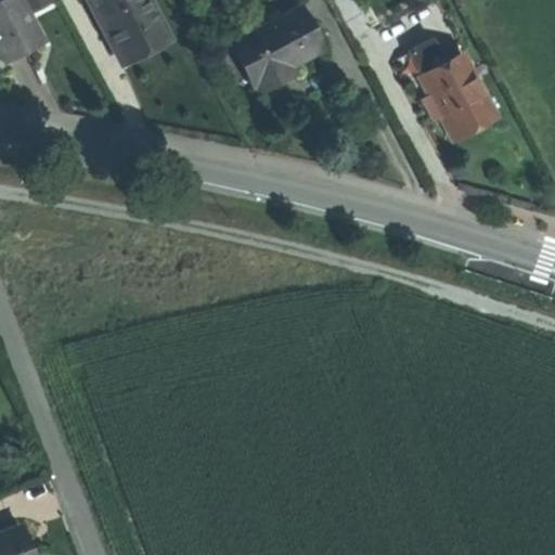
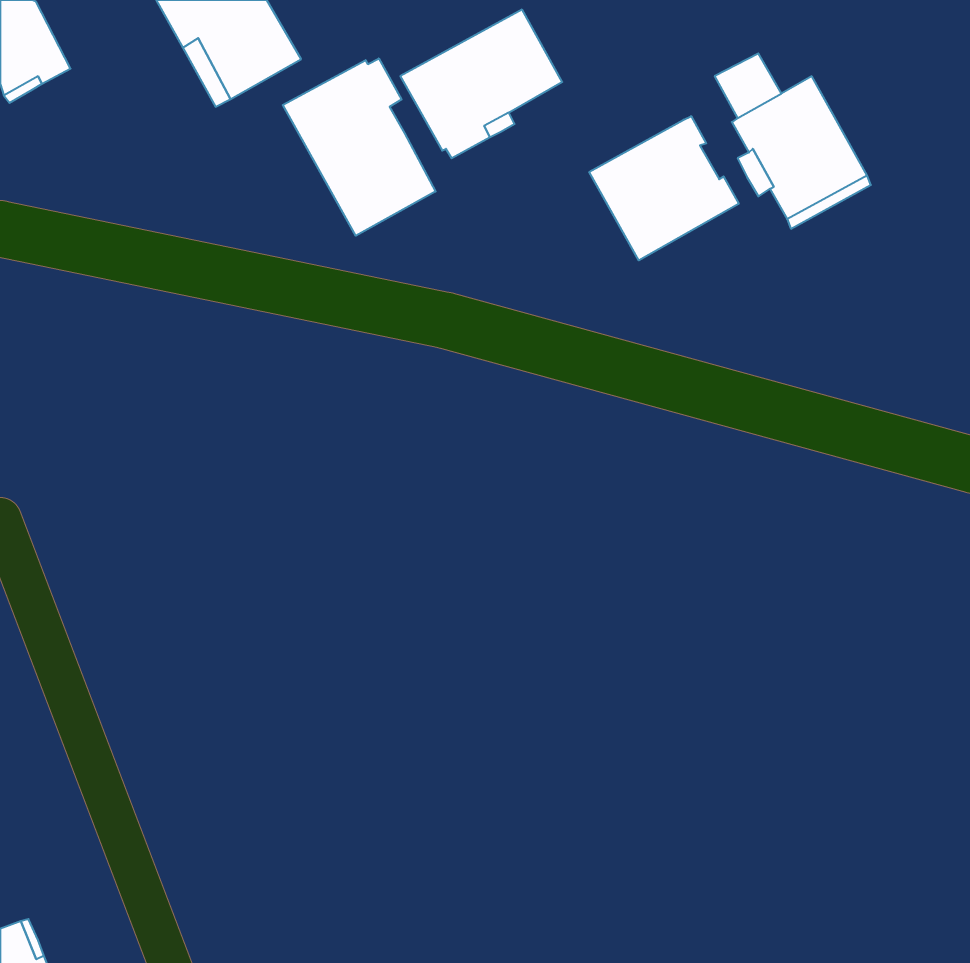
building: none -> [283,58,436,236]
building: none -> [589,116,739,260]

